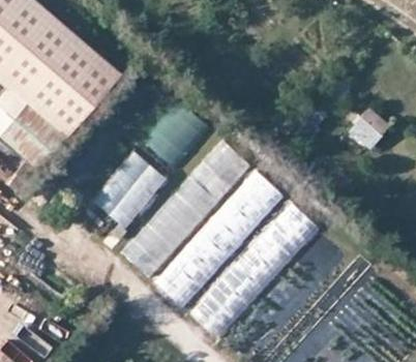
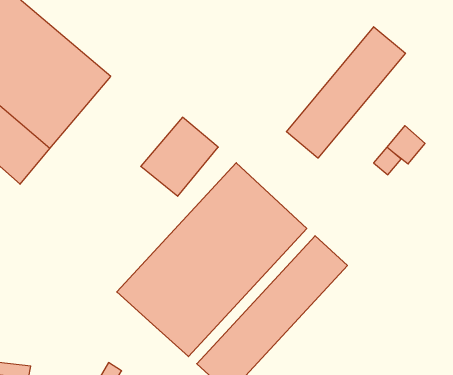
building: none -> [286,27,405,158]
building: [87,150,164,229] -> none

